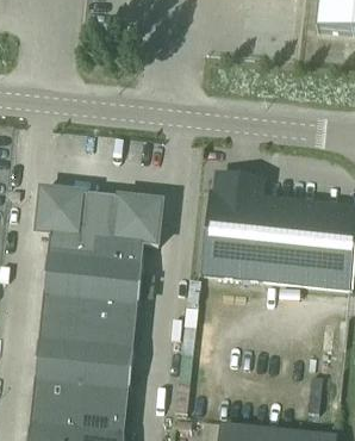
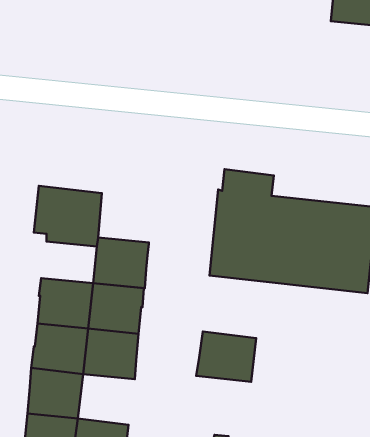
building: [98,193,162,243] -> none
building: [44,238,96,278] -> none
building: none -> [196,331,256,382]
building: [79,364,132,411] -> none

